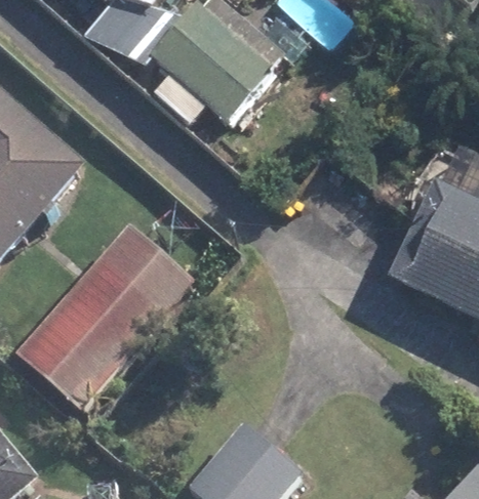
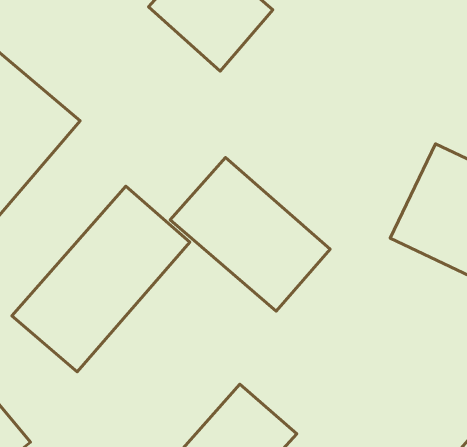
building: none -> [170,158,330,311]

